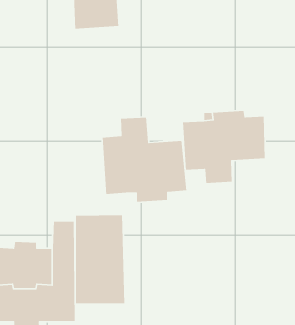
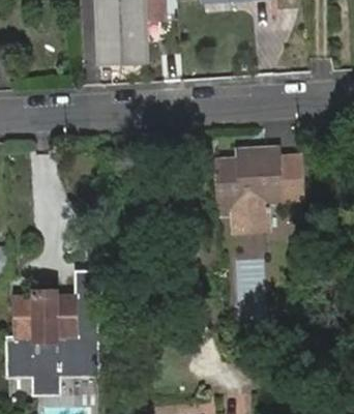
building: [102,117,187,202] -> none
building: [75,214,125,304] -> none

